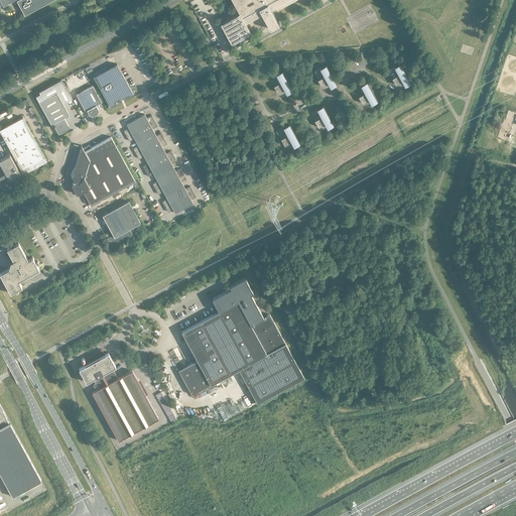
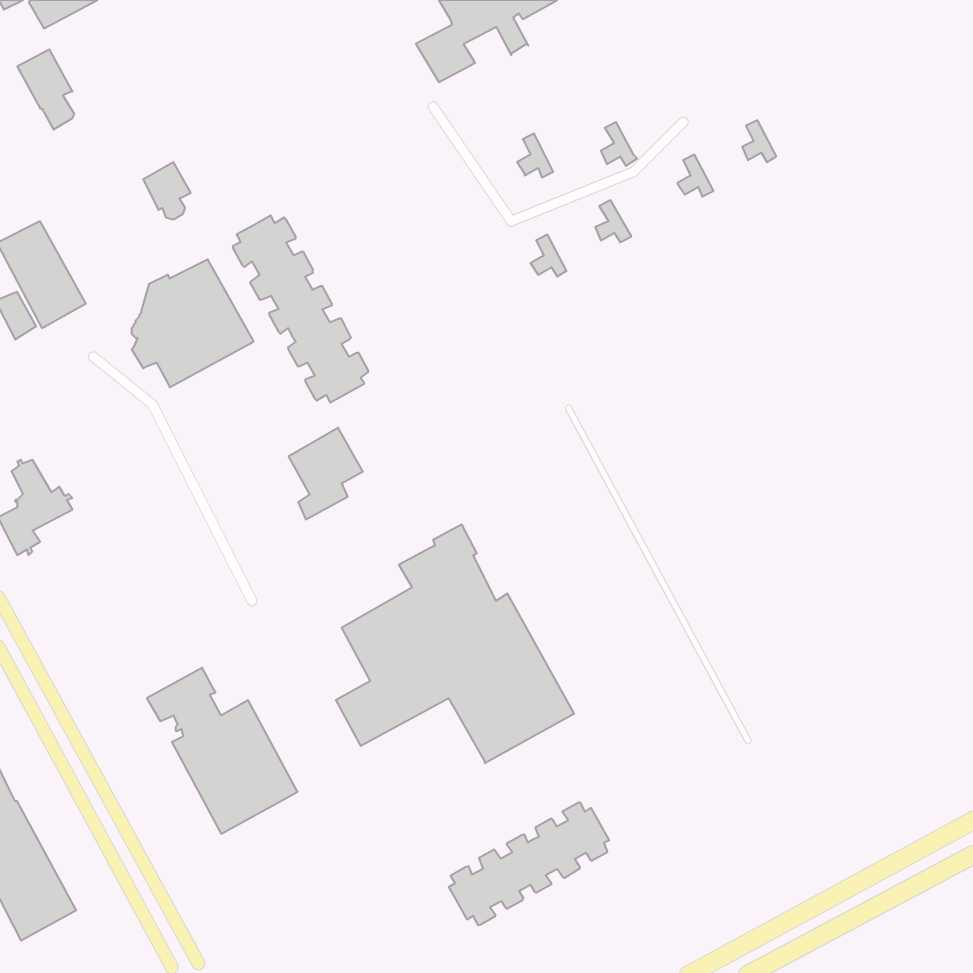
building: [93,64,132,108] -> none
building: [38,94,69,136] -> [17,49,74,130]
building: [101,200,140,248] -> [289,428,363,519]
building: none -> [449,802,609,925]

